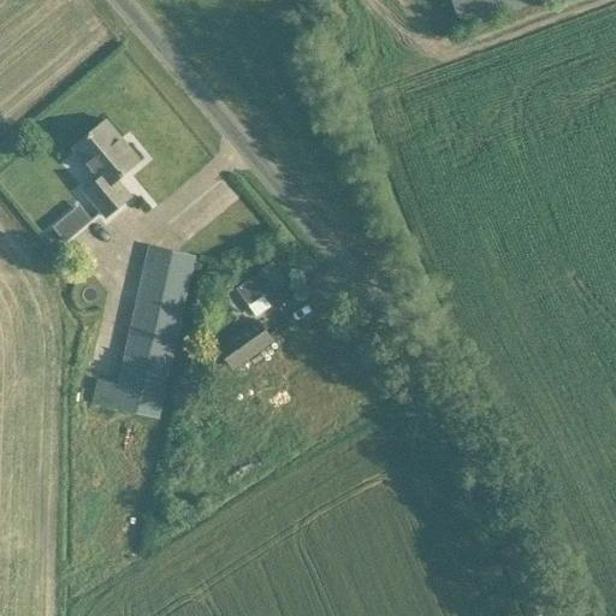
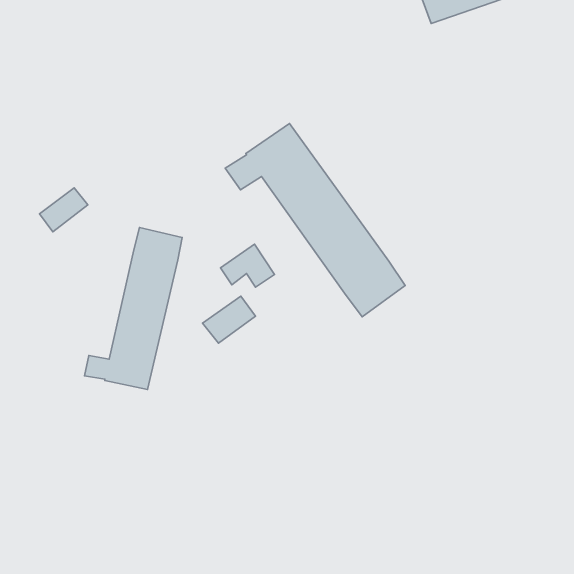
building: [72,118,140,215] -> none
building: none -> [225,124,405,317]

